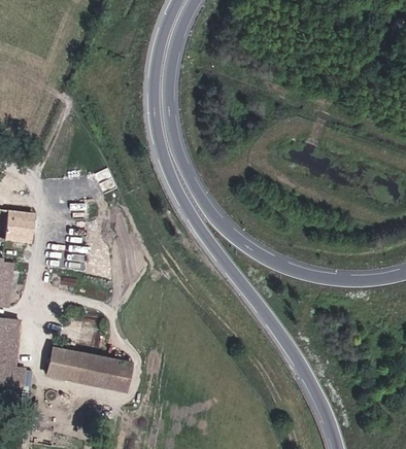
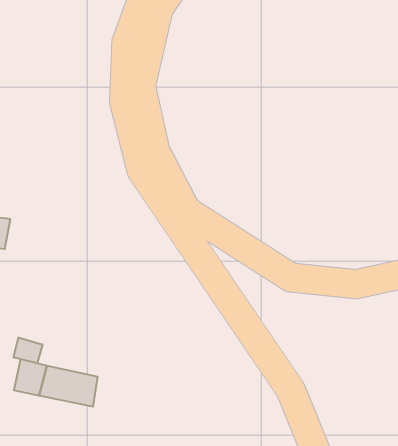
building: none -> [14,338,42,363]

